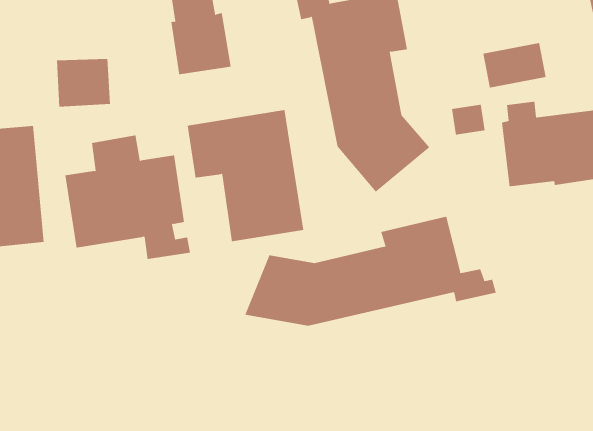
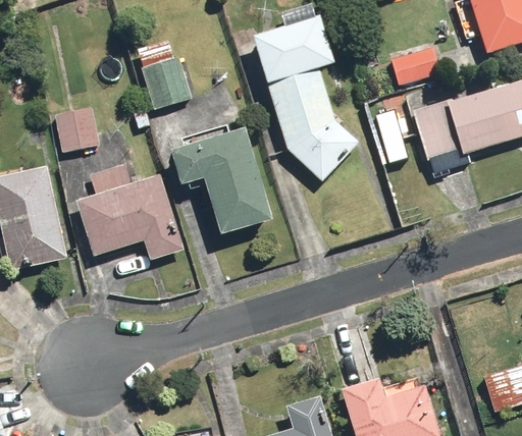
building: [244,216,497,326] -> none

